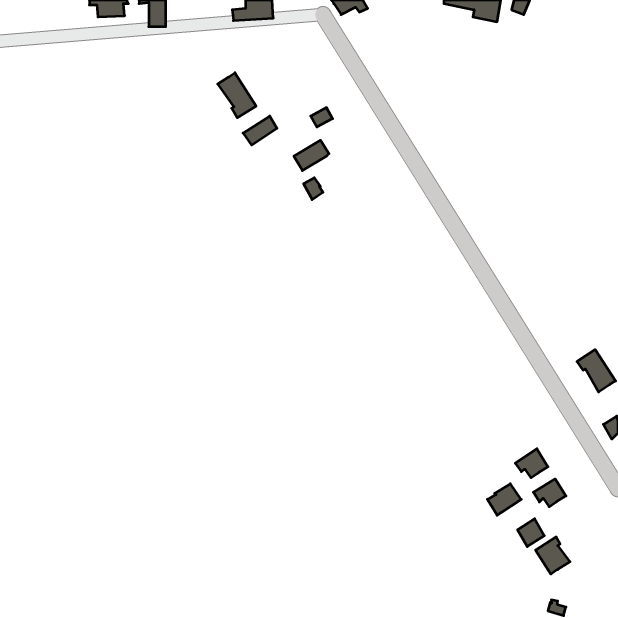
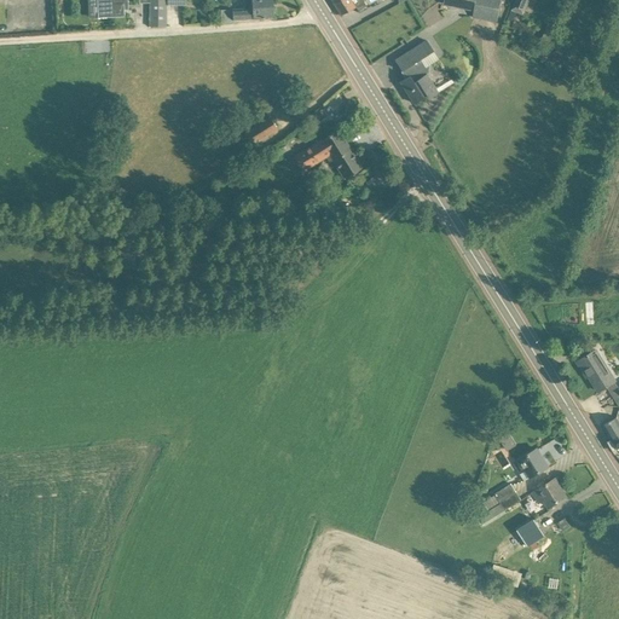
building: none -> [395,40,438,103]
building: [218,73,256,118] -> none
building: none -> [320,129,361,179]
building: [536,537,570,574] -> none

